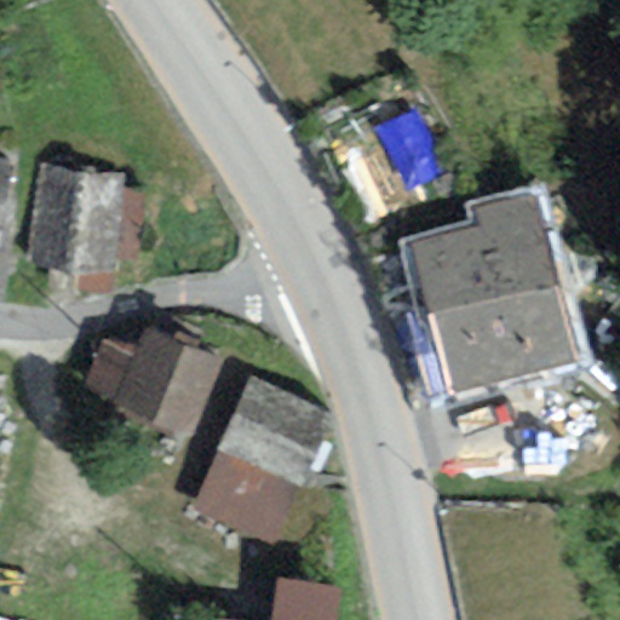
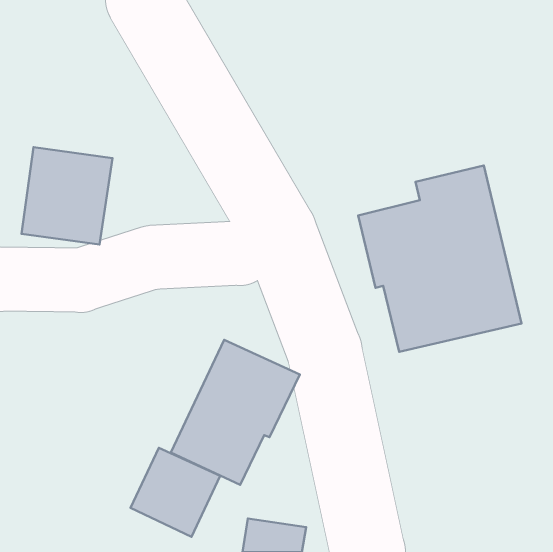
building: [80,329,220,441] -> none
building: none -> [130,448,220,537]

